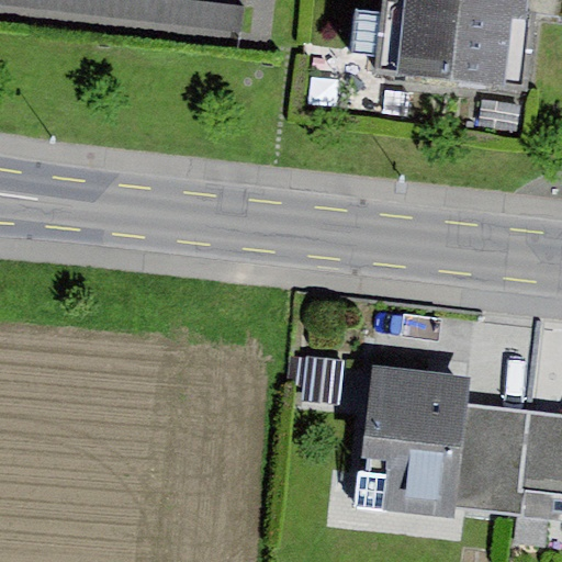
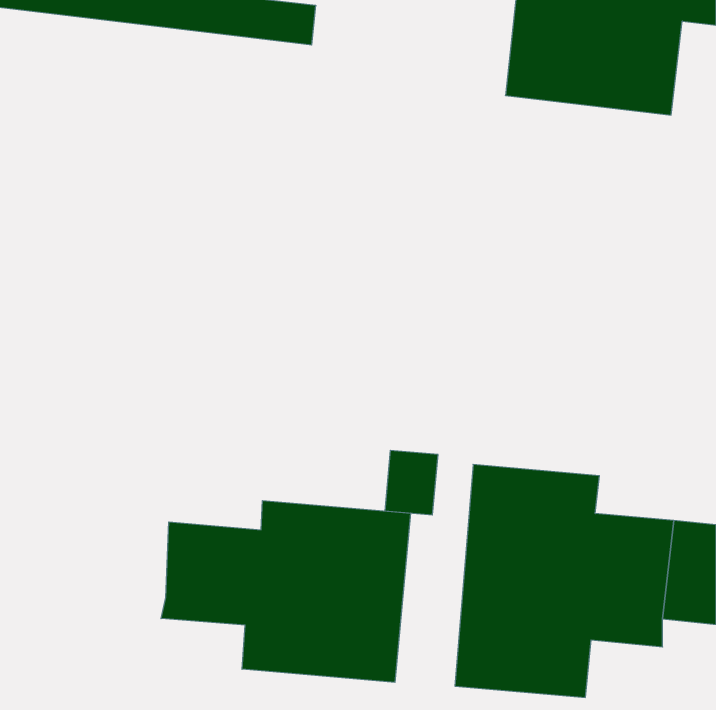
building: none -> [161,501,410,682]

